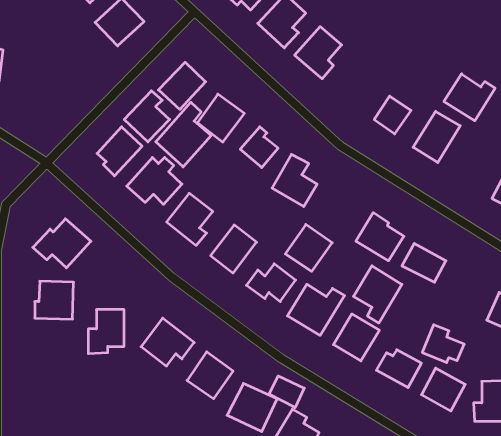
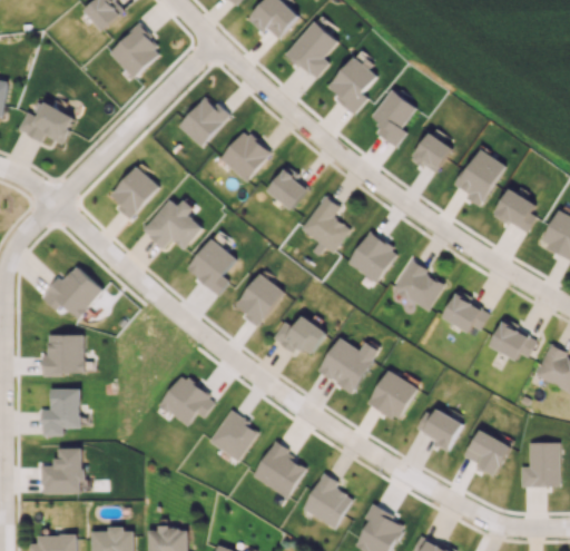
building: none -> [372,89,417,146]
building: none -> [19,101,77,144]
building: [444,74,495,121] -> none
building: [124,91,170,142] -> none
building: [156,102,211,167] -> none
building: none -> [495,187,538,233]
building: [285,224,332,271] -> [347,230,399,282]
building: [353,266,402,323] -> none
building: [88,310,124,354] -> [42,387,81,435]
building: [422,325,464,363] -> [491,317,537,358]
building: [269,376,304,408] -> none
building: none -> [42,446,85,493]

